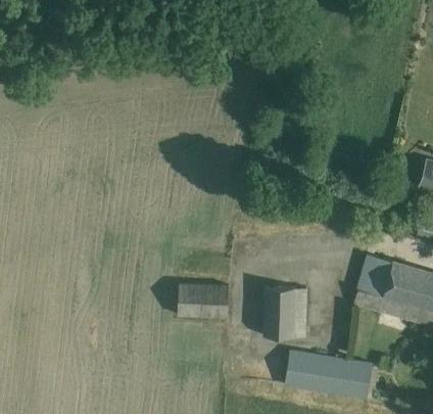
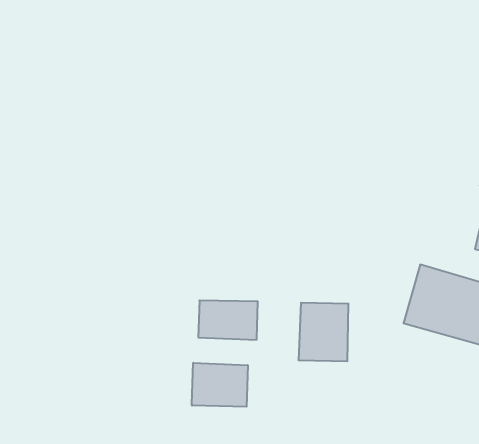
building: none -> [192,363,248,407]
building: [285,352,373,399] -> none

